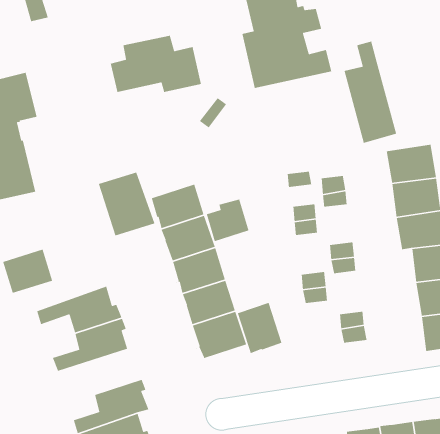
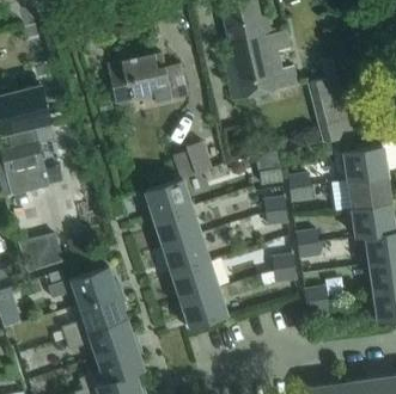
building: [98,172,155,236] -> none
building: [206,198,250,242] -> [175,141,212,178]
building: [237,302,282,358] -> none
building: none -> [66,319,138,357]

